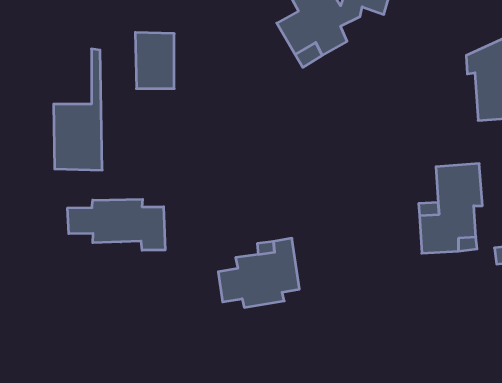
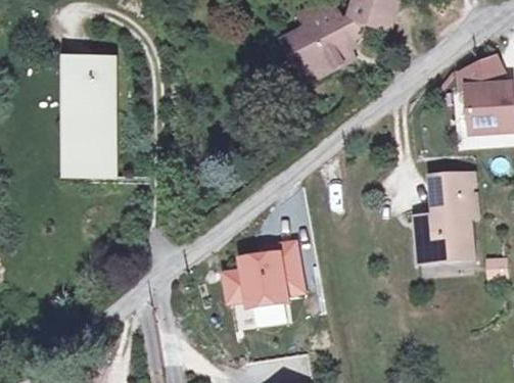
building: [135,32,174,89] -> [68,63,105,116]
building: [68,199,165,250] -> none

